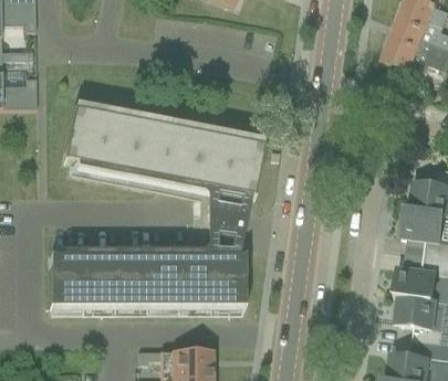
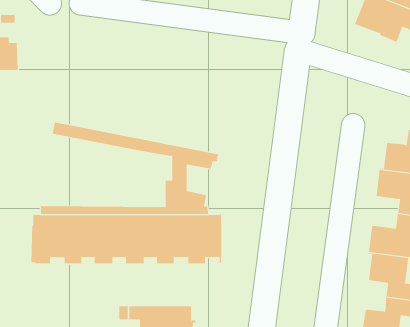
building: [63,112,264,200] -> none
building: [209,207,246,240] -> none

